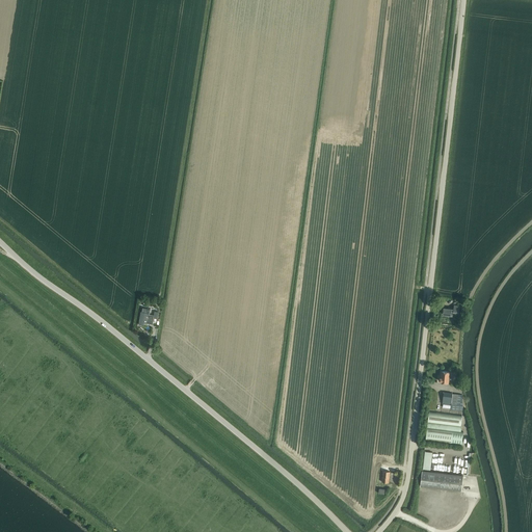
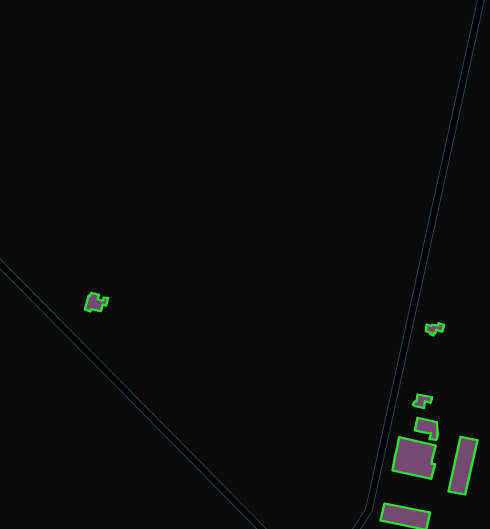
building: none -> [448,437,478,495]

